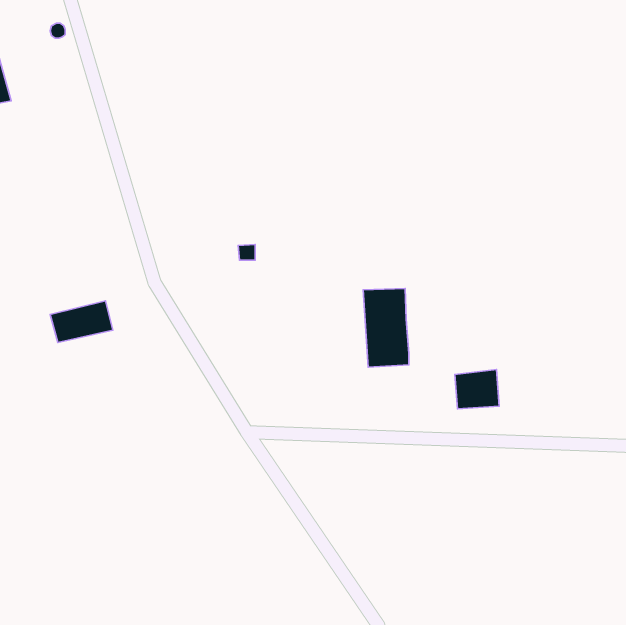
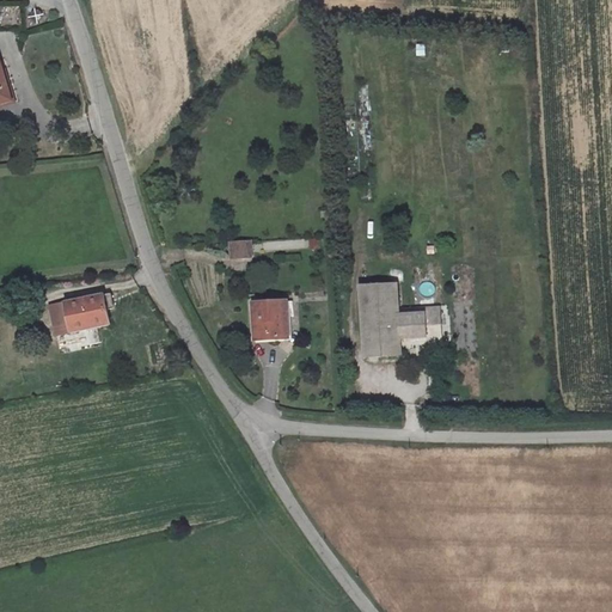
building: none -> [252,302,288,339]
building: [455,369,499,409] -> [396,306,439,344]

